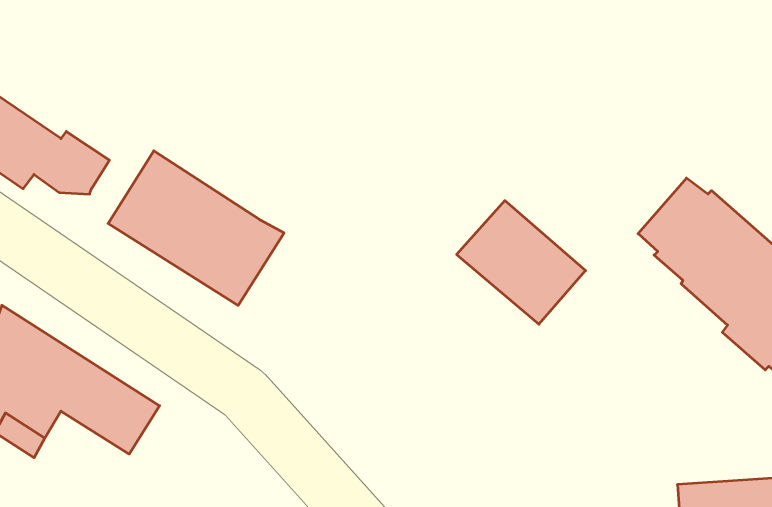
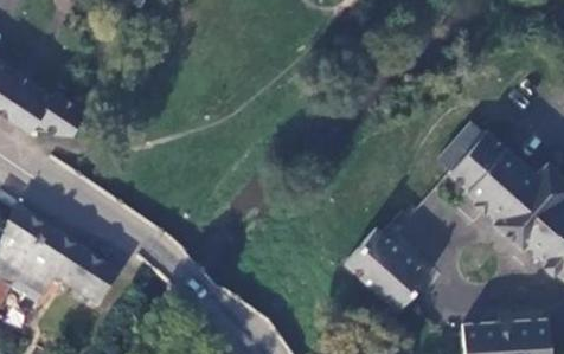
building: [108,151,284,305] -> none
building: [457,201,586,324] -> [344,230,429,311]

